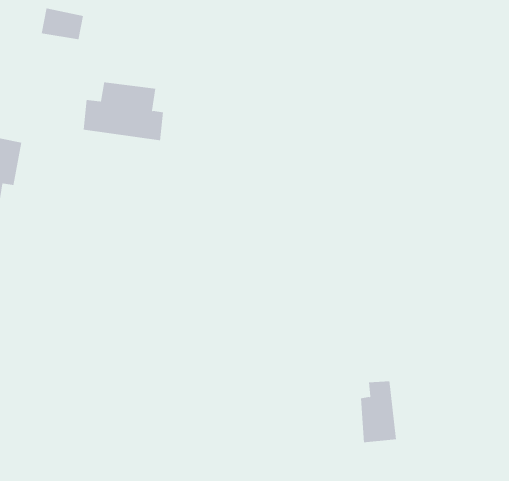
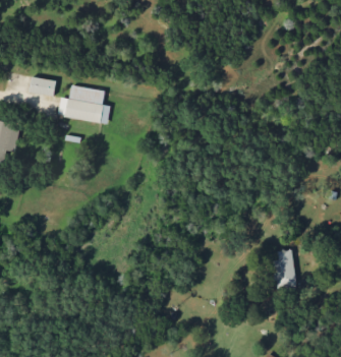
building: [41,8,84,40] -> [29,75,56,96]
building: [360,381,397,443] -> [273,249,296,289]

